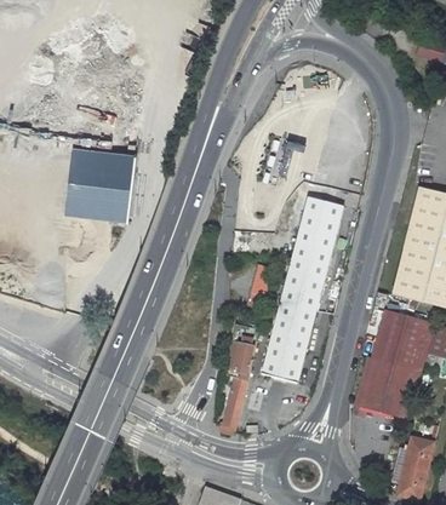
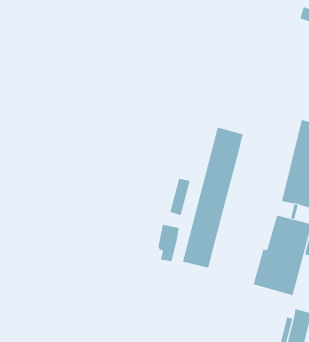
building: [65,145,137,220] -> none
building: [217,377,247,435] -> none

